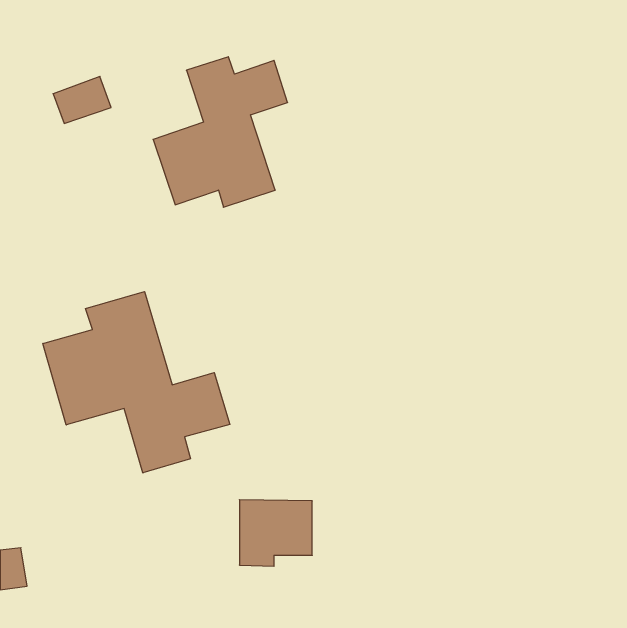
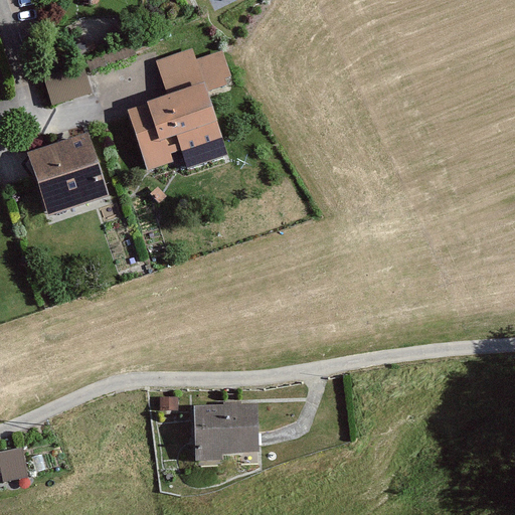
building: none -> [24,133,104,215]
building: [43,292,230,473] -> none

